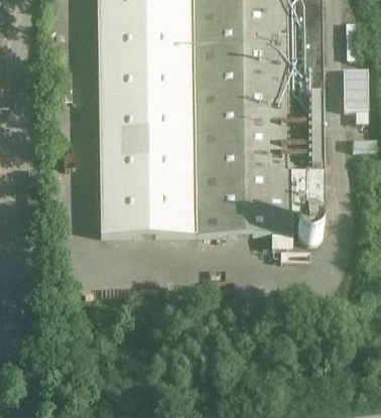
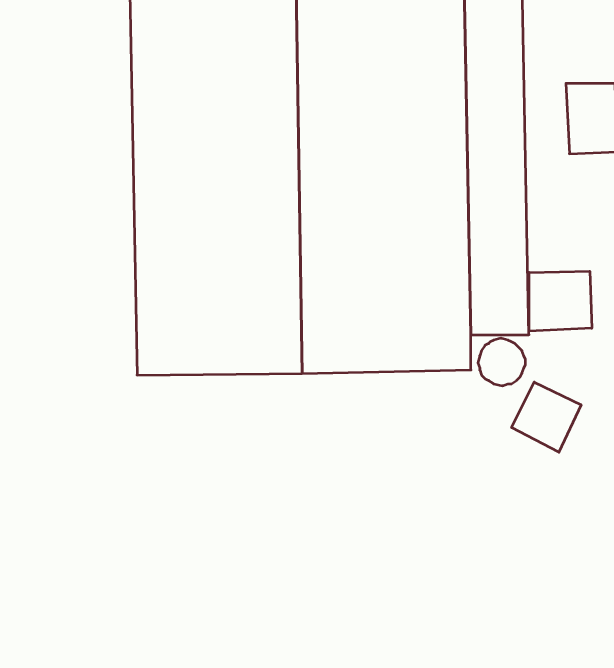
building: none -> [529,271,592,331]
building: none -> [512,382,581,452]

